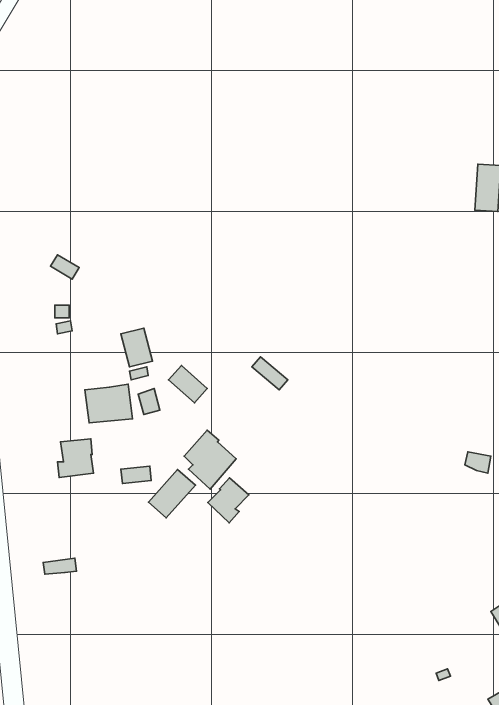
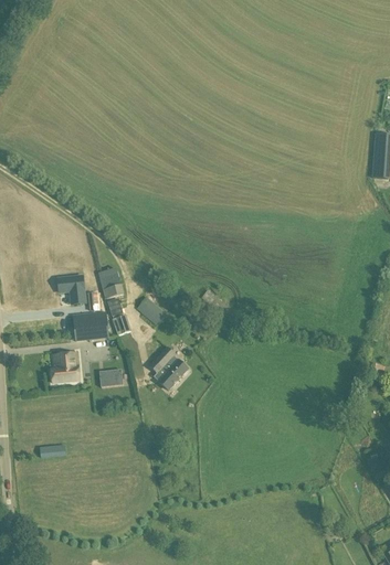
building: none -> [56,276,86,307]
building: [148,470,195,518] -> none
building: [208,478,249,523] -> none

